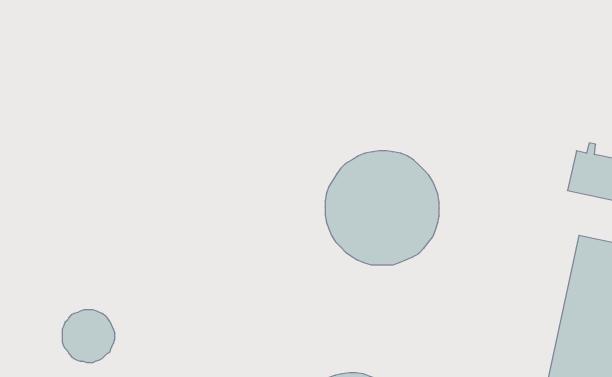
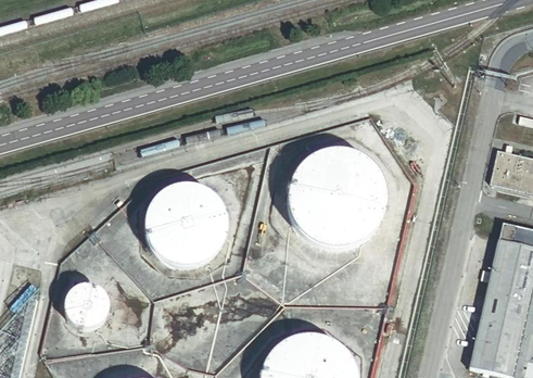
building: none -> [144,184,226,266]

